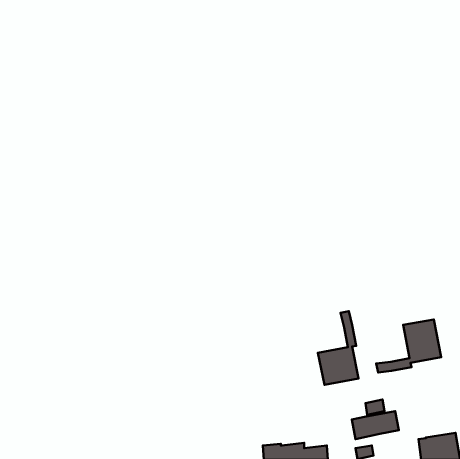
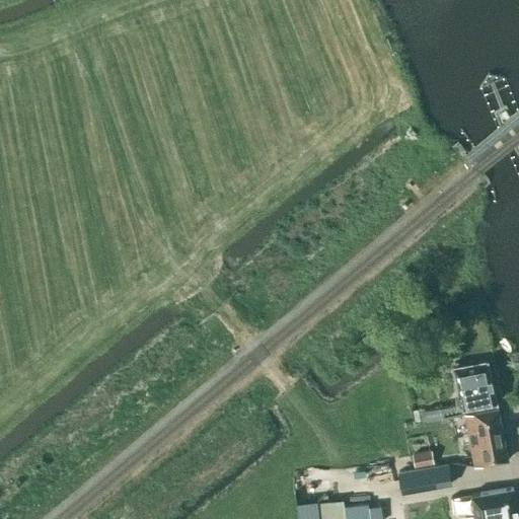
building: [318,311,359,385] -> none
building: none -> [464,409,507,467]

